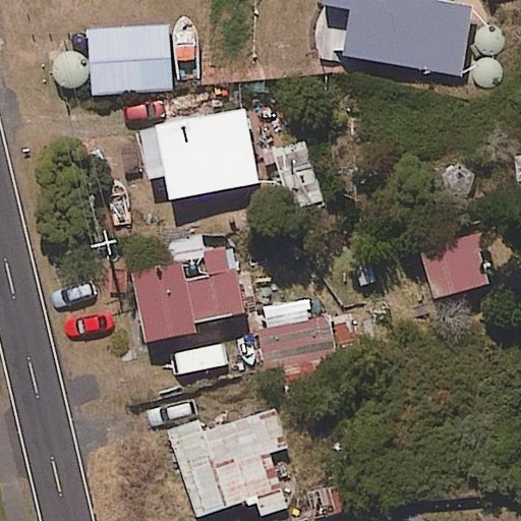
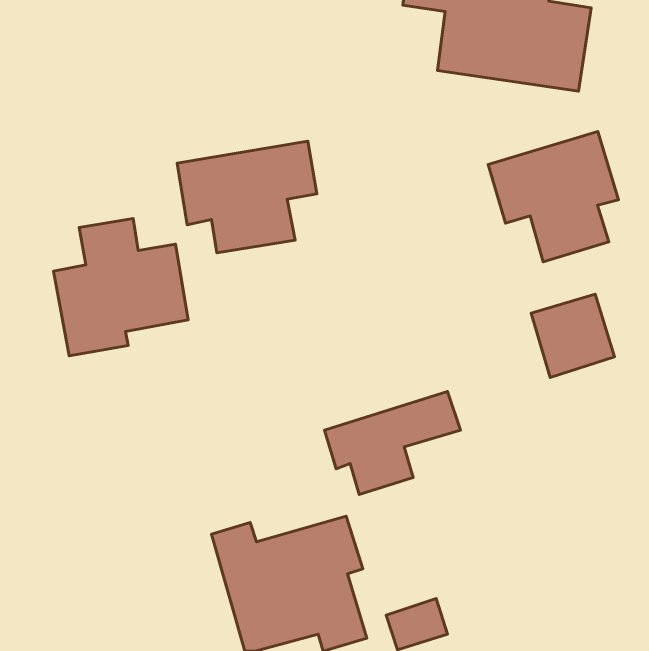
building: [85,23,170,93] -> none
building: none -> [488,132,618,262]
building: [135,233,242,342] -> [54,219,188,356]

